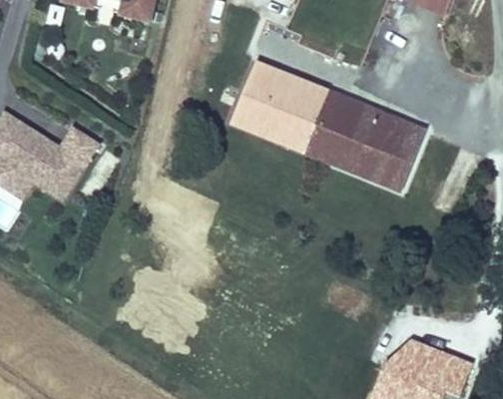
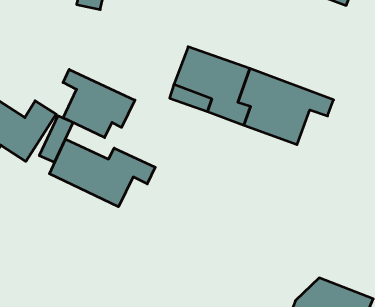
building: none -> [63,69,135,138]
building: [384,138,420,187] -> none
building: none -> [49,139,155,207]

